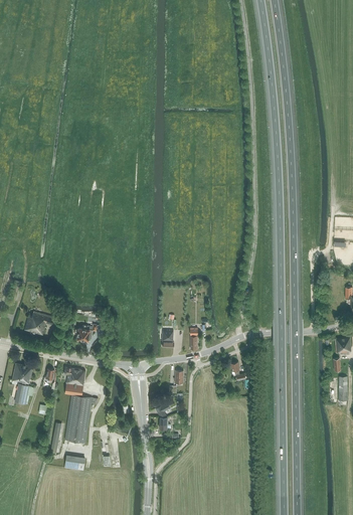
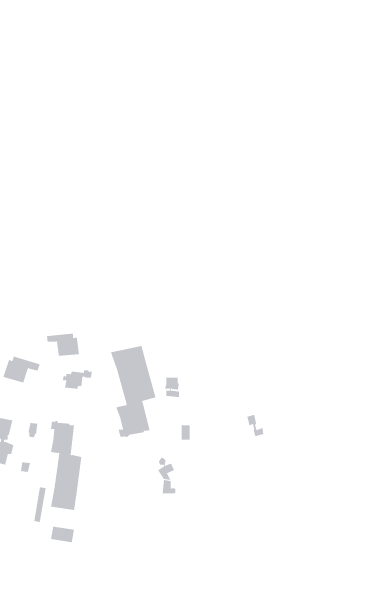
building: none -> [46,333,79,356]
building: none -> [110,345,156,438]

